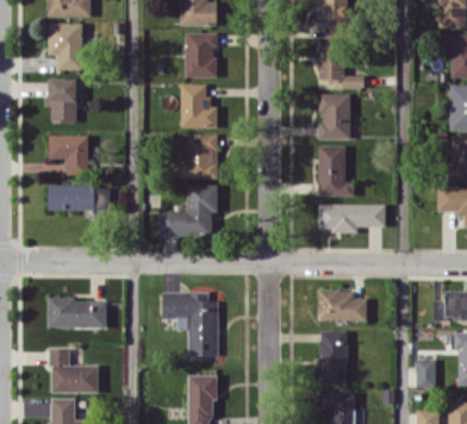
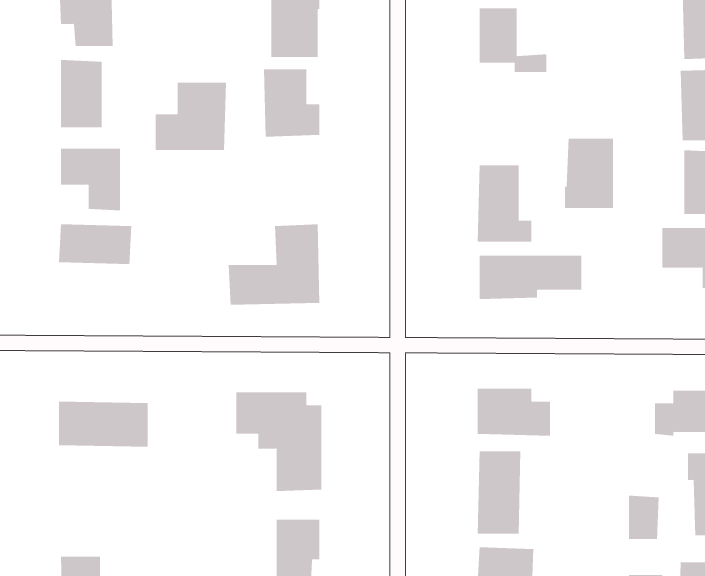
building: [318,94,350,139] -> [564,138,614,208]
building: [172,135,218,179] -> [155,82,227,151]
building: [50,350,98,393] -> none

